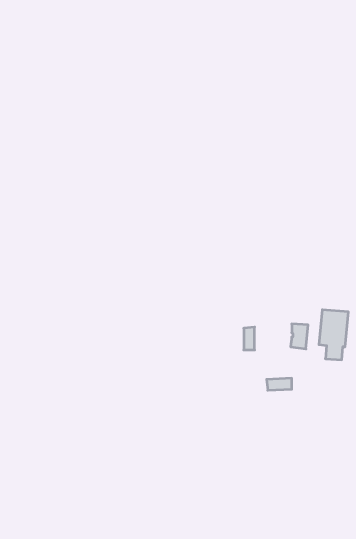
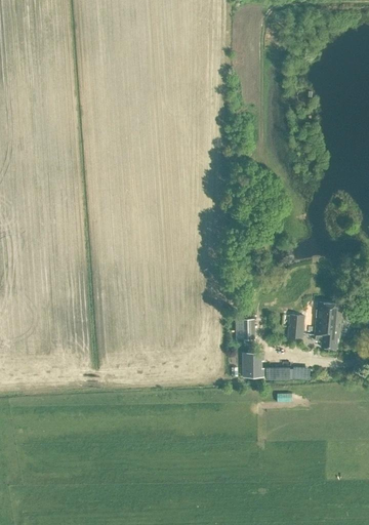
building: none -> [241,354,263,377]

